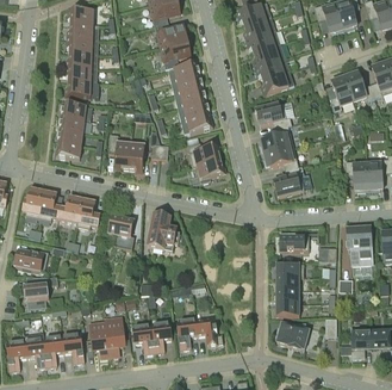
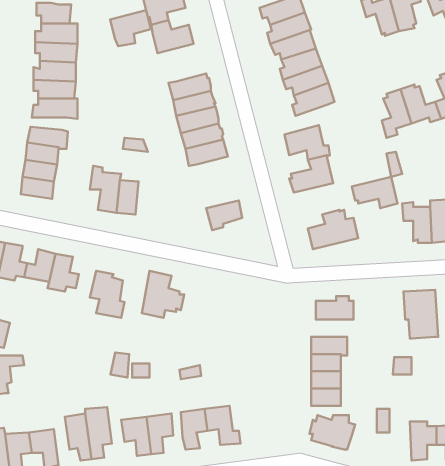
building: [160,41,191,68] -> [110,10,151,46]
building: [187,143,222,167] -> none
building: [263,147,298,171] -> [352,177,397,208]

